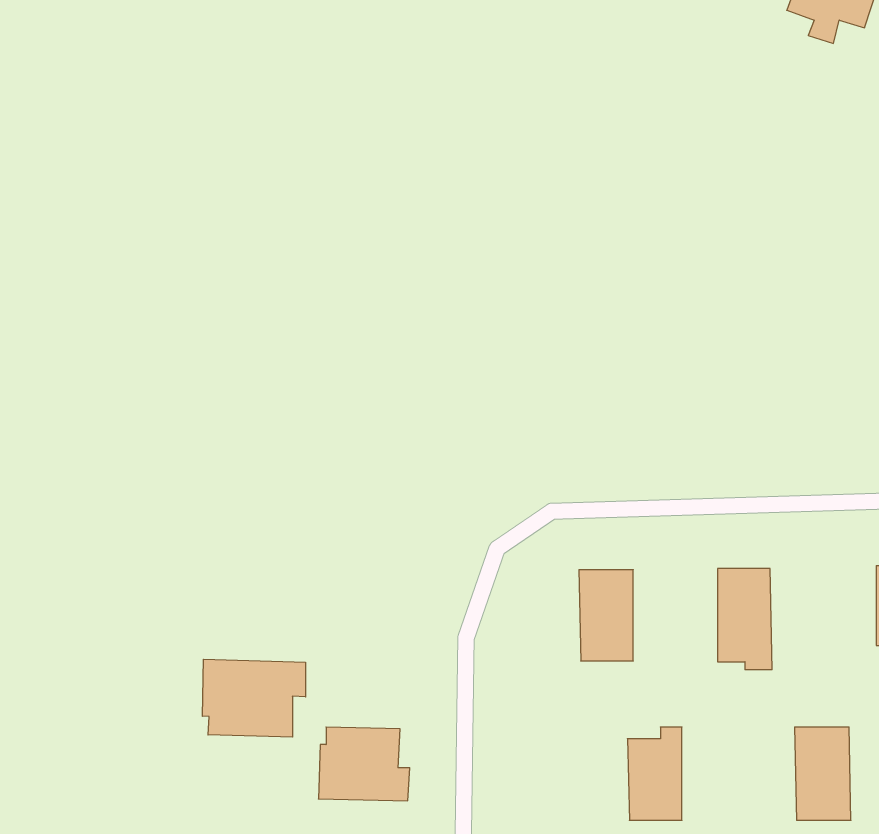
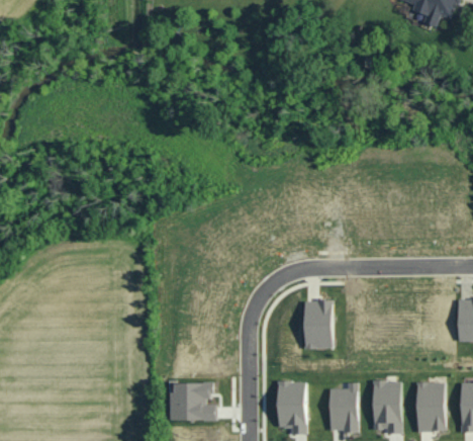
building: [718,569,772,670] -> [372,380,400,433]
building: [202,659,306,737] -> none
building: none -> [277,381,305,434]

